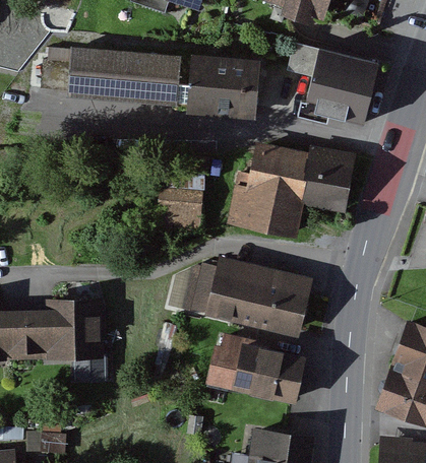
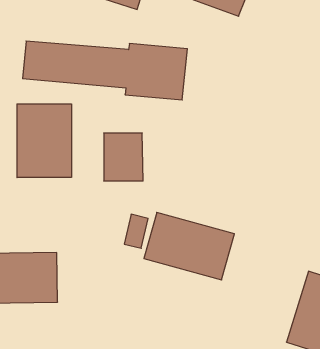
building: [296,46,366,116] -> none
building: none -> [17,104,71,178]
building: [236,137,345,239] -> none
building: [206,337,305,402] -> none

